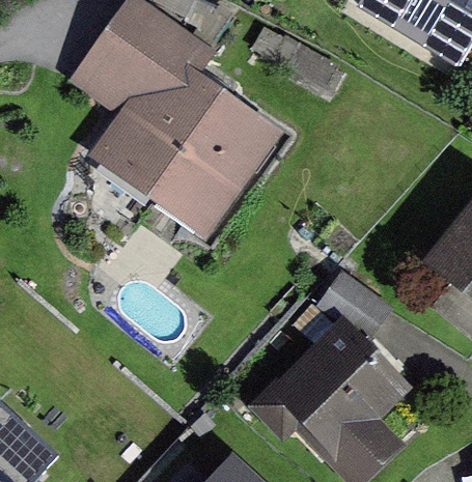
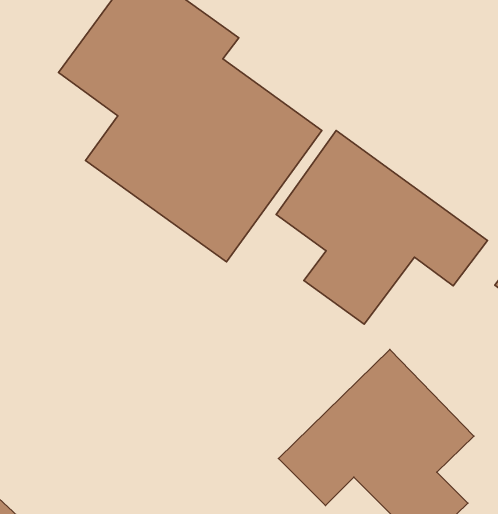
building: none -> [276,131,487,324]

